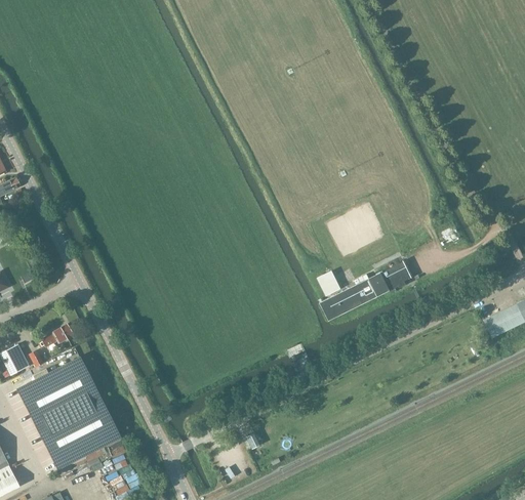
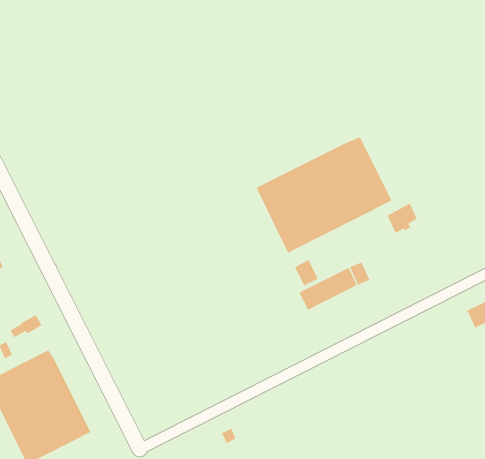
building: none -> [256,136,392,253]
building: [382,260,412,290] -> [387,203,418,233]

